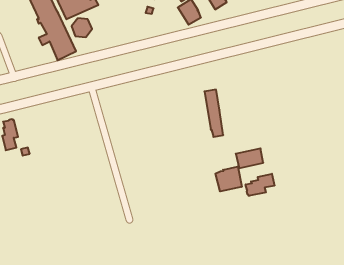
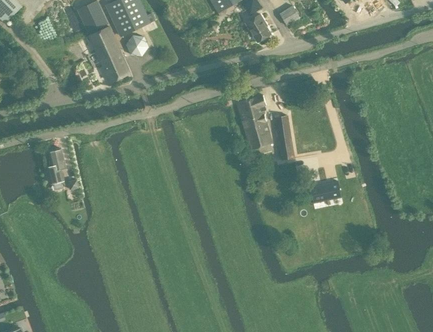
building: none -> [236,95,273,150]
building: [215,166,242,191] -> none
building: [246,174,274,196] -> none

